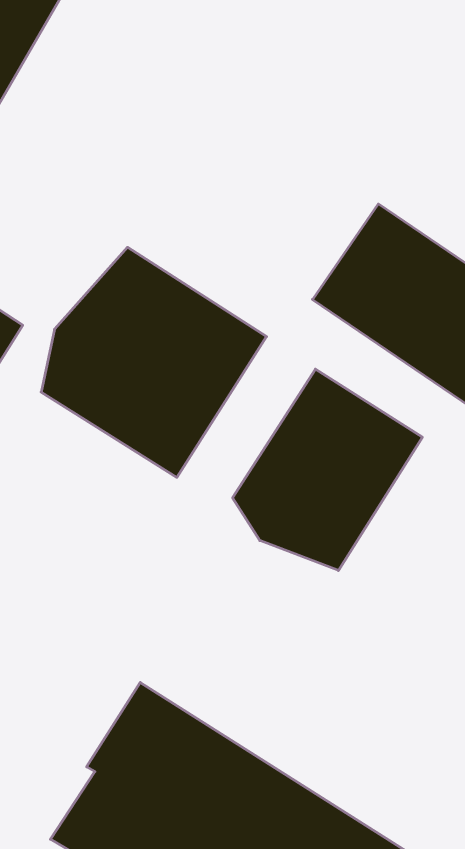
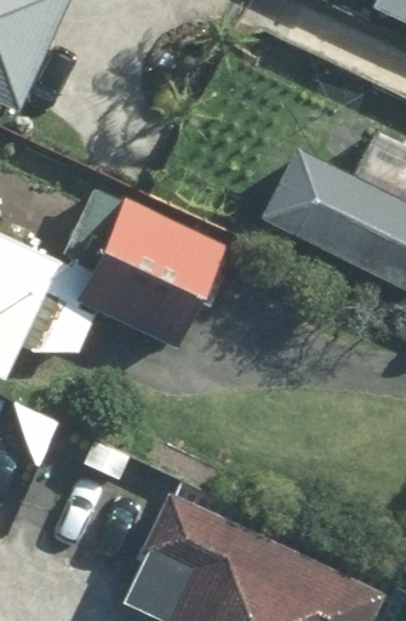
building: [233,369,422,571] -> none

